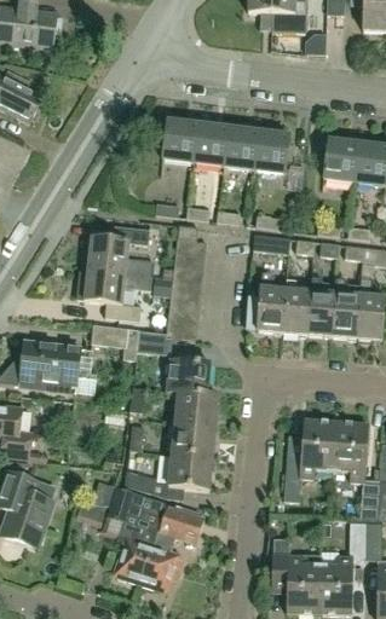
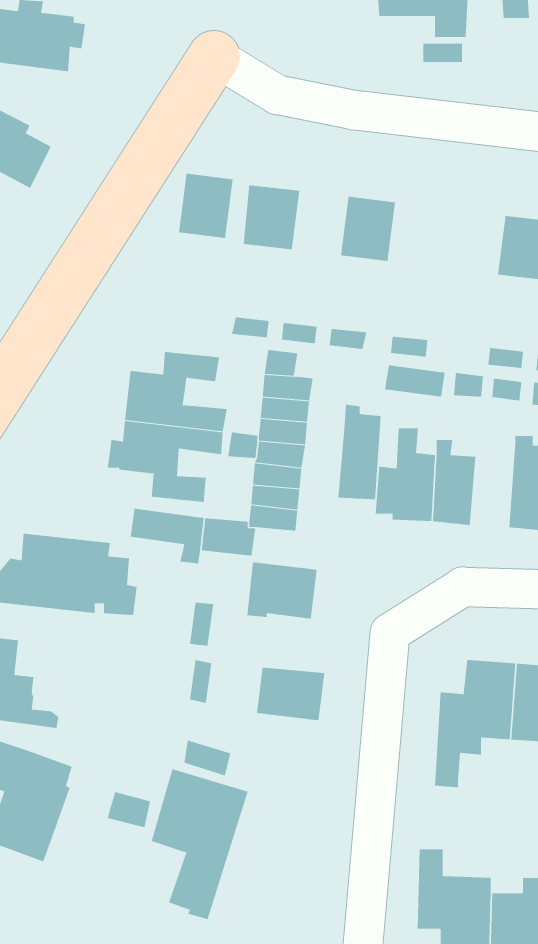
building: [195,122,230,163] -> [178,173,234,238]
building: [255,129,292,170] -> none
building: [307,274,335,335] -> [338,404,382,500]
building: [175,389,219,427] -> none
building: [168,452,212,490] -> none
building: [142,502,204,588] -> none

